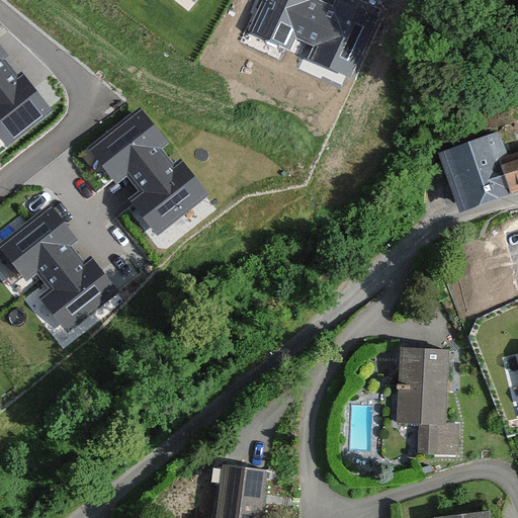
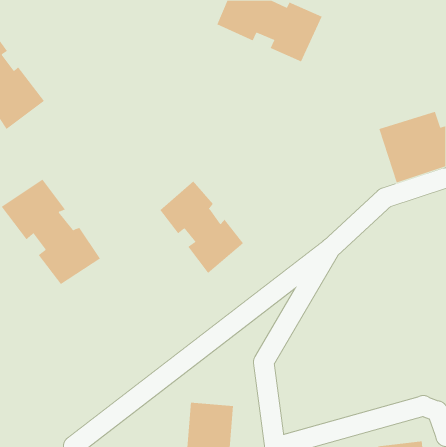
building: [84,109,199,233] -> none
building: none -> [160,181,244,274]
building: [396,347,460,455] -> none

